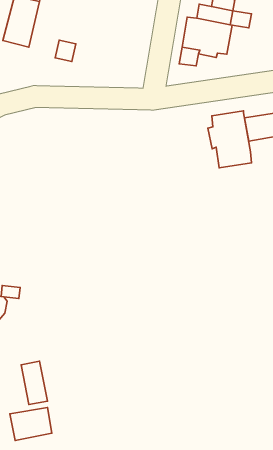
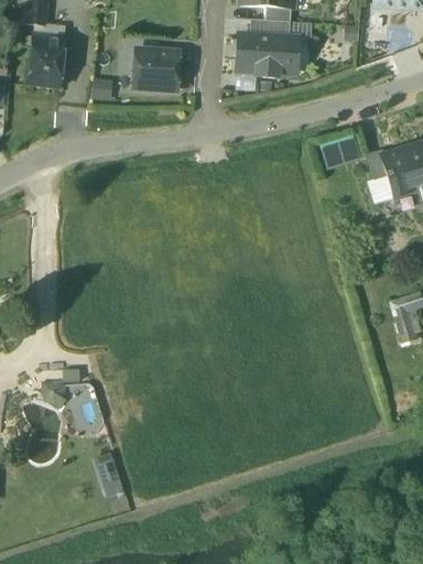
building: none -> [132,48,180,89]
building: [208,111,252,168] -> none
building: [10,407,52,441] -> none

